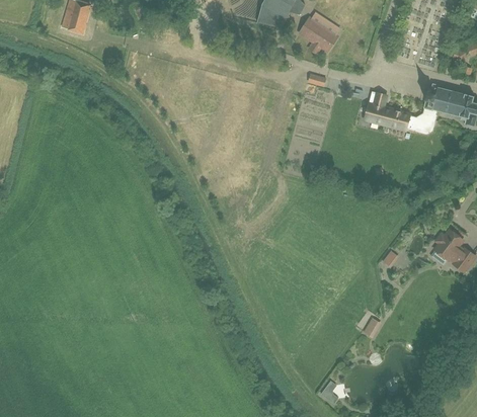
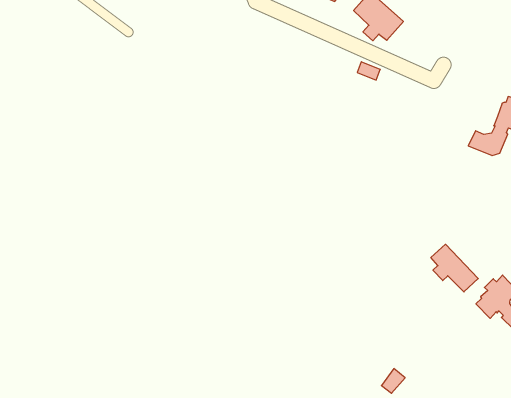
building: [364,89,409,129] -> none
building: none -> [431,244,478,292]

